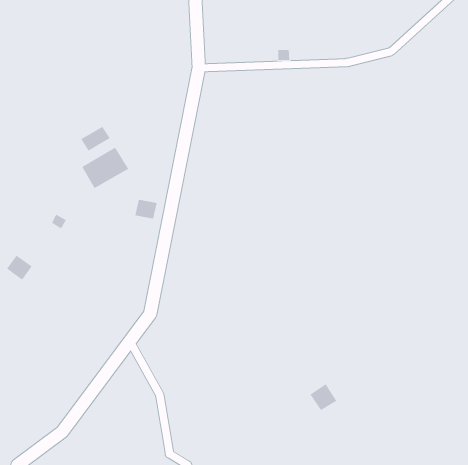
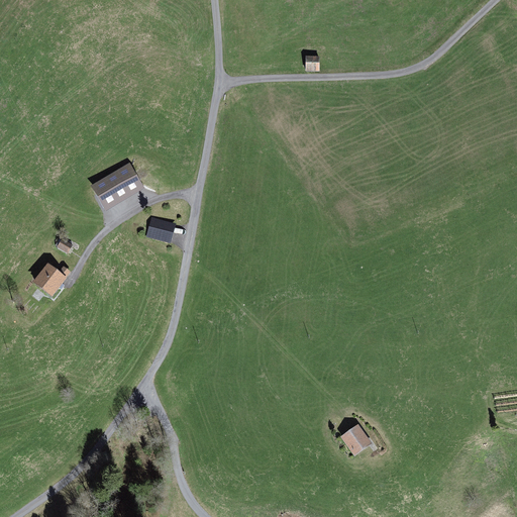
building: [80,126,110,151] -> none
building: [6,255,33,280] -> [35,265,65,293]

